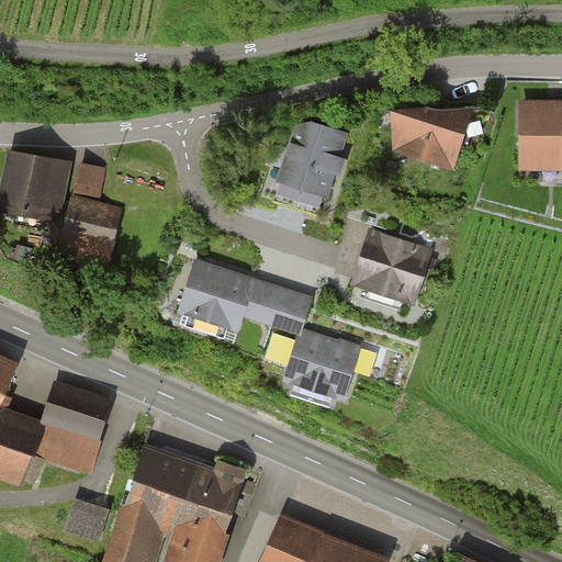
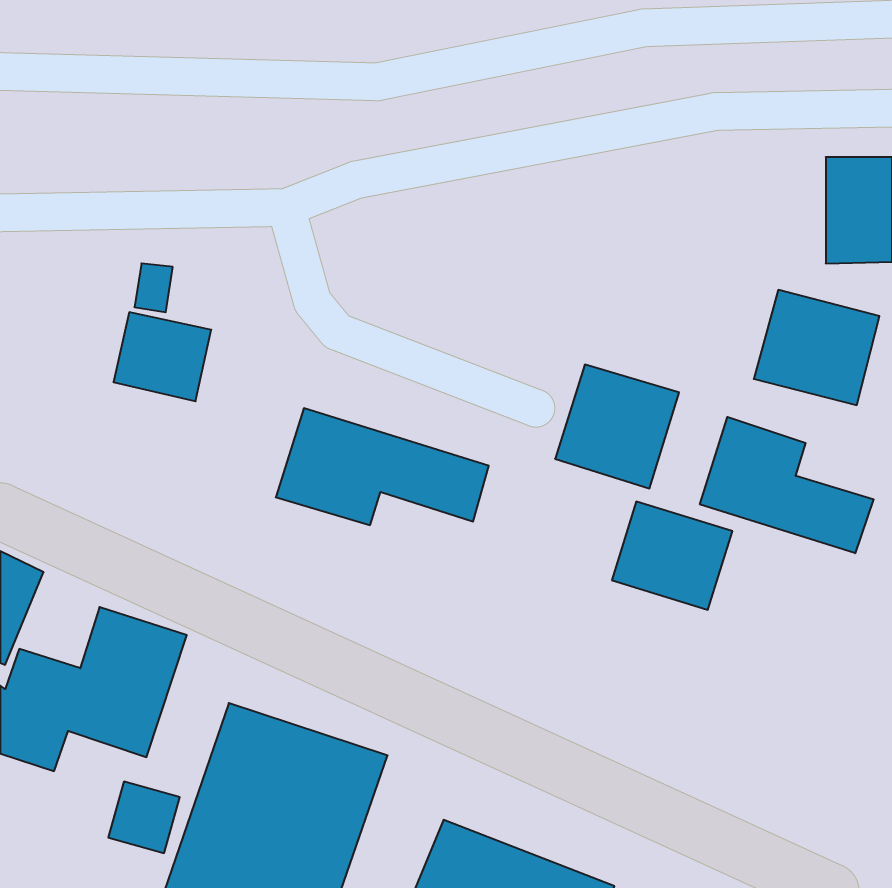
building: [392,97,471,169] -> [754,290,879,405]
building: [276,114,348,196] -> none
building: [10,149,82,217] -> none
building: none -> [700,417,874,553]
building: [280,330,356,398] -> [612,502,732,610]

